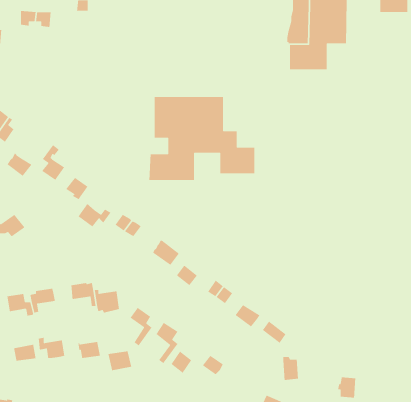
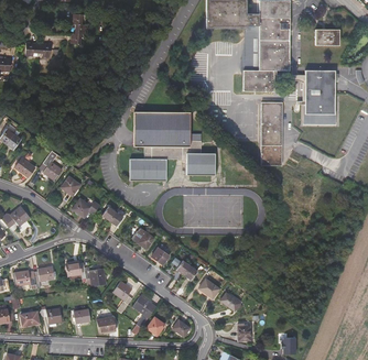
building: none -> [304,69,335,117]
building: none -> [260,101,282,165]

